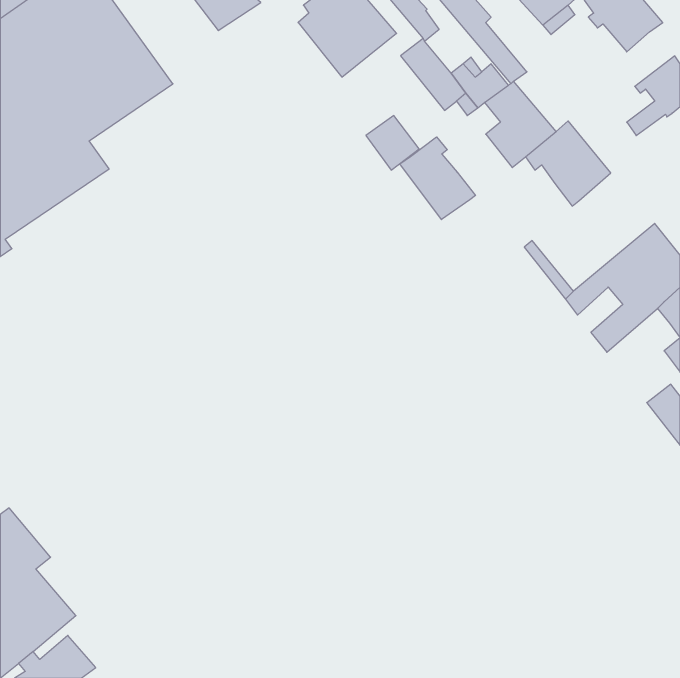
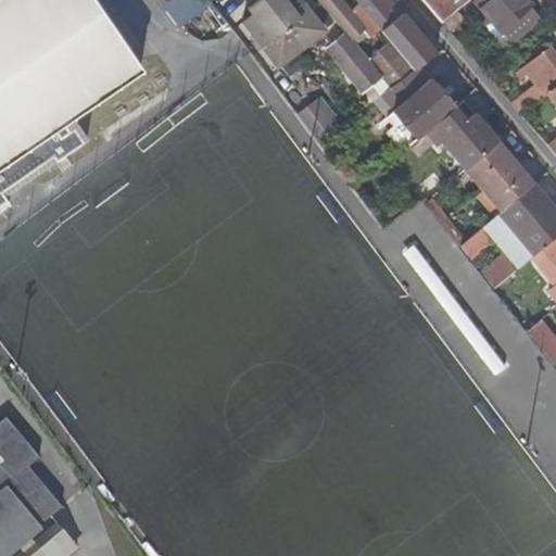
building: [400,137,475,220] -> none
building: none -> [467,141,534,211]

